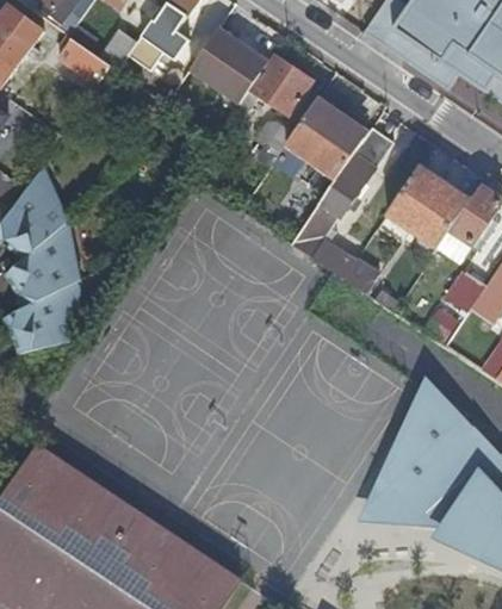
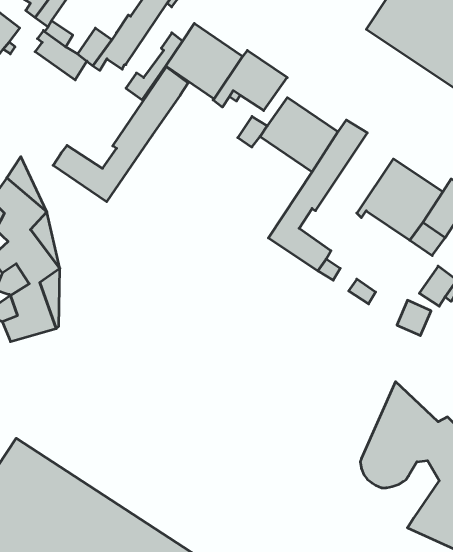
building: none -> [53,67,188,202]
building: [362,467,466,528] -> none

